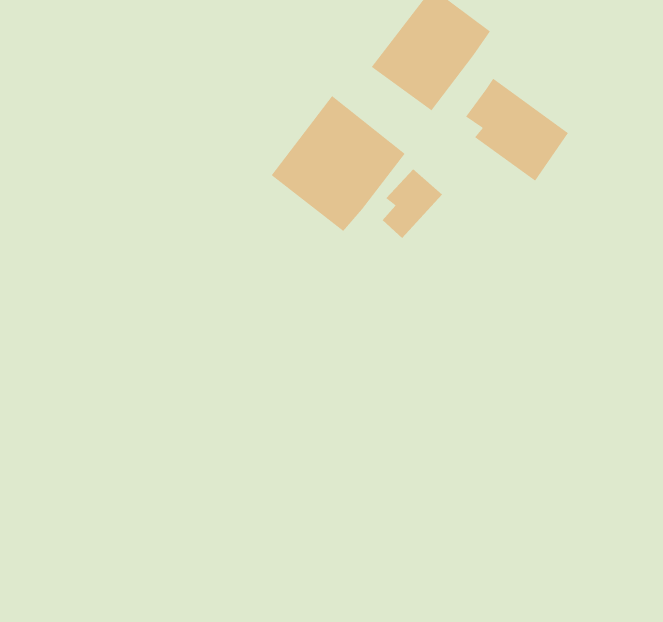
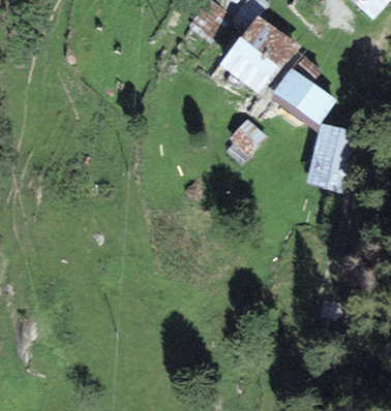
building: [271,95,405,232] -> none
building: none -> [309,126,353,188]

